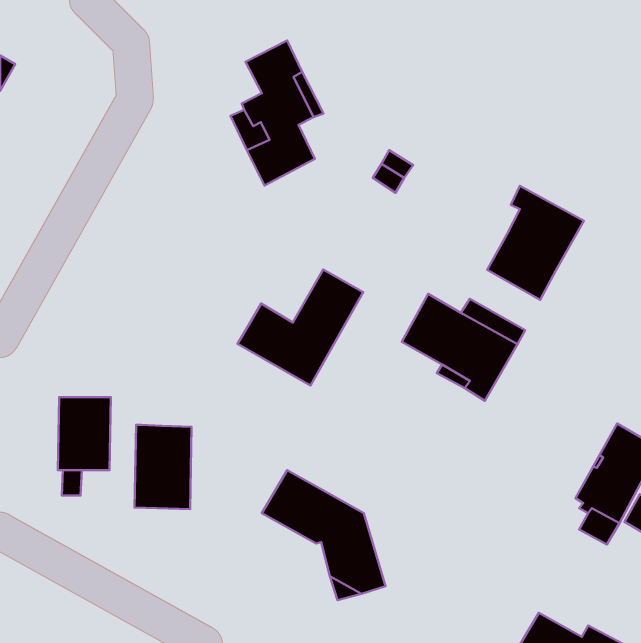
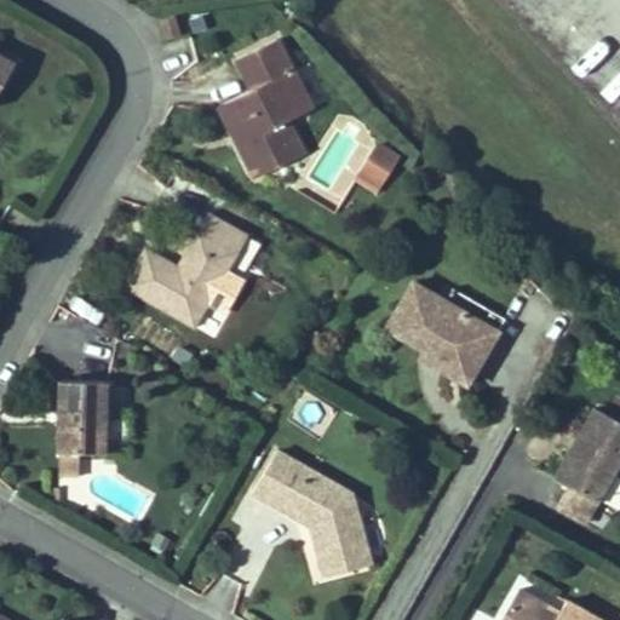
building: [487,186,584,300] -> none
building: [237,269,363,385] -> [126,216,247,327]
building: [135,425,192,509] -> none

